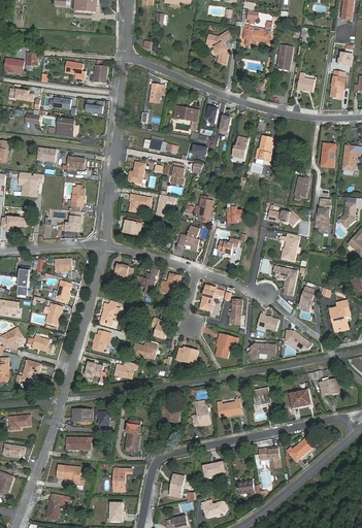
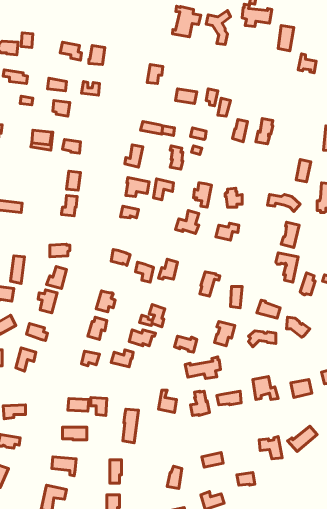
building: none -> [173,6,201,37]
building: [19,172,42,197] -> none
building: none -> [185,357,221,379]

